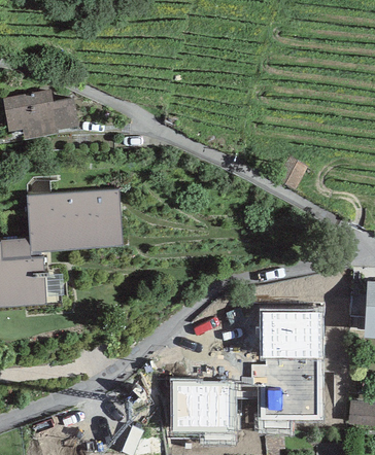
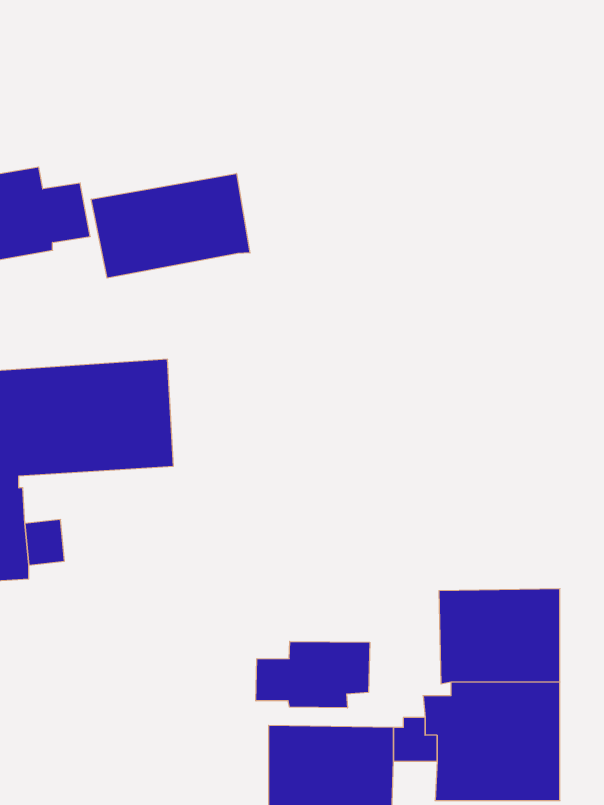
building: none -> [91,173,250,278]
building: none -> [256,641,370,708]

